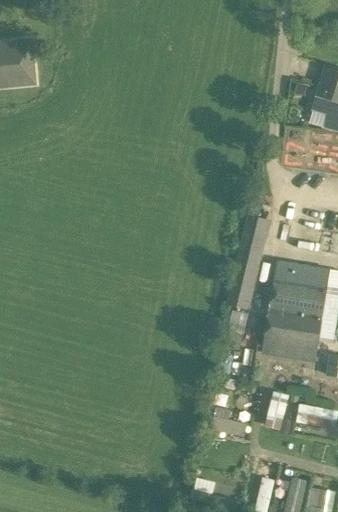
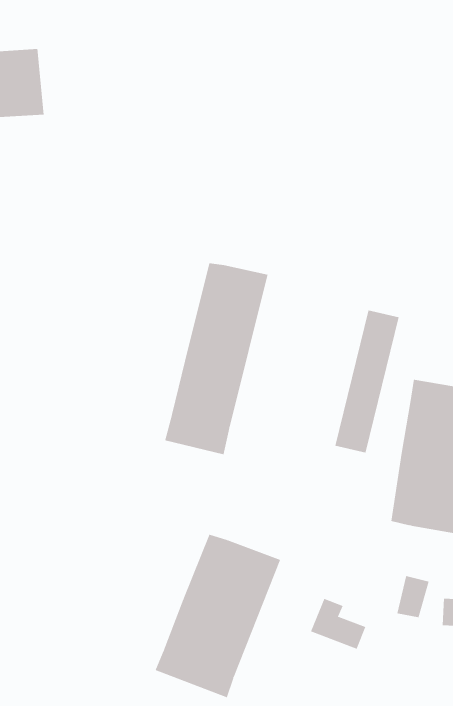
building: none -> [165,262,268,455]
building: none -> [155,534,281,698]

